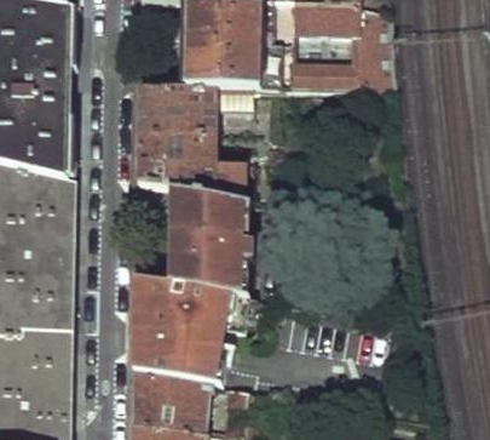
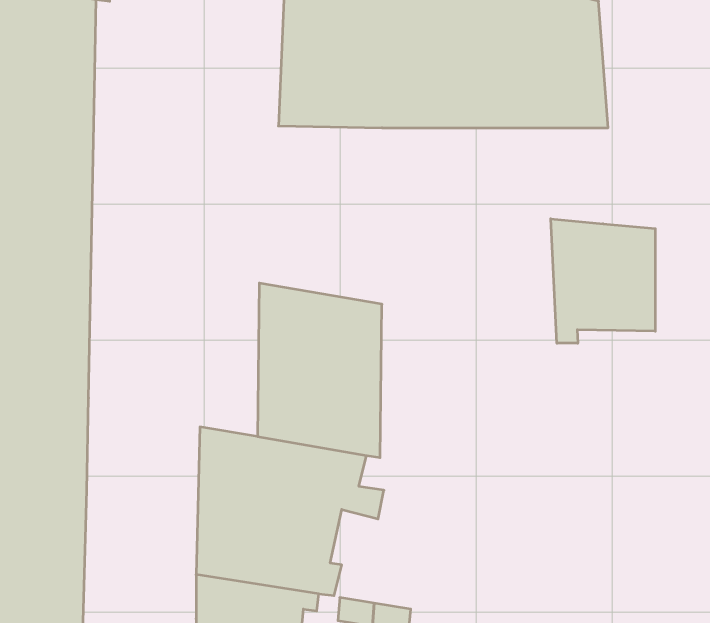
building: [134,88,248,202] -> none
building: none -> [551,219,655,343]

